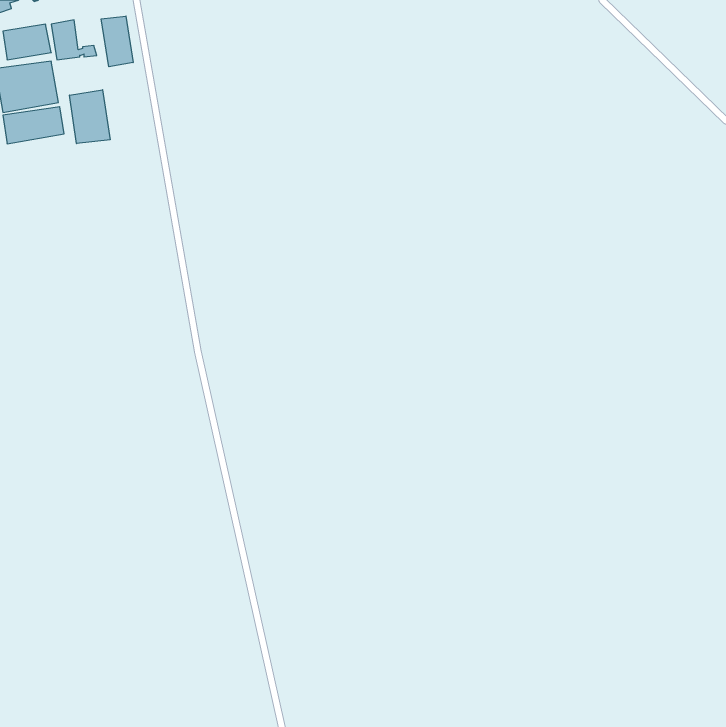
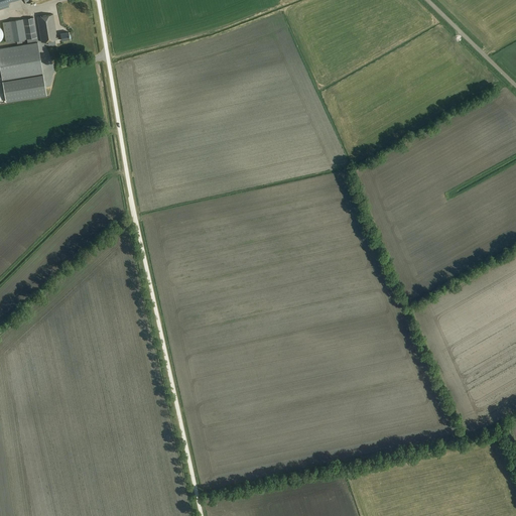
building: [101,16,133,67] -> none
building: [70,90,110,144] -> none

